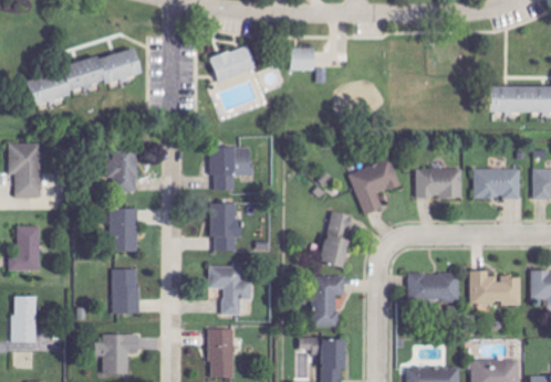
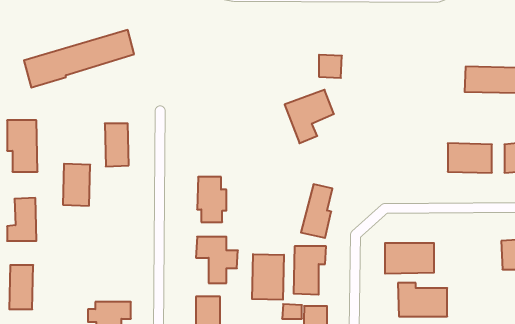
building: [209,45,256,81] -> none
building: [291,47,315,72] -> [319,55,342,78]
building: [209,145,251,189] -> none
building: [349,158,401,214] -> [285,90,334,143]
building: [415,168,461,197] -> none
building: [110,206,138,251] -> [63,164,90,206]
building: [112,267,139,312] -> none
building: [469,269,521,305] -> [398,283,447,316]
building: none -> [252,254,284,300]

